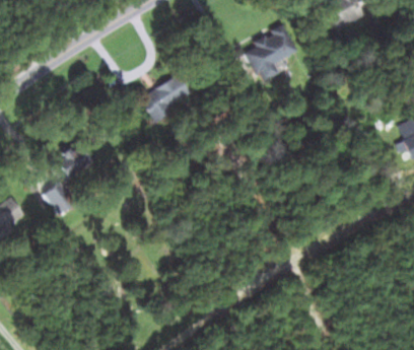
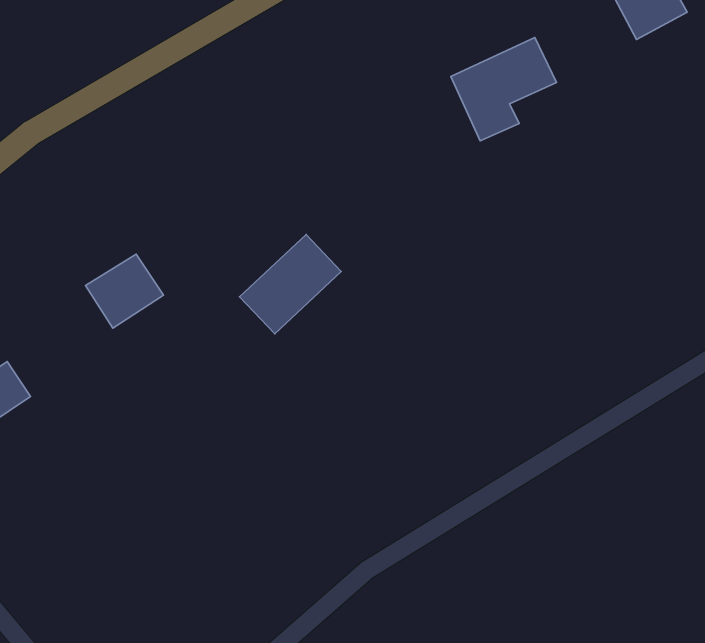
building: [140,71,193,123] -> [240,234,341,334]
building: [44,179,68,211] -> none

